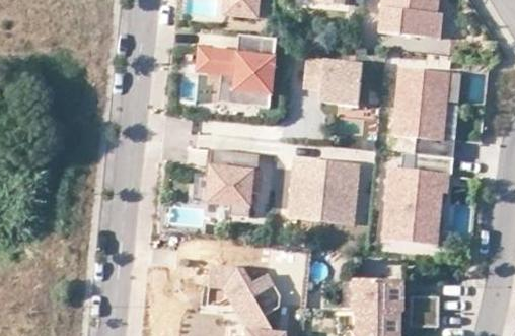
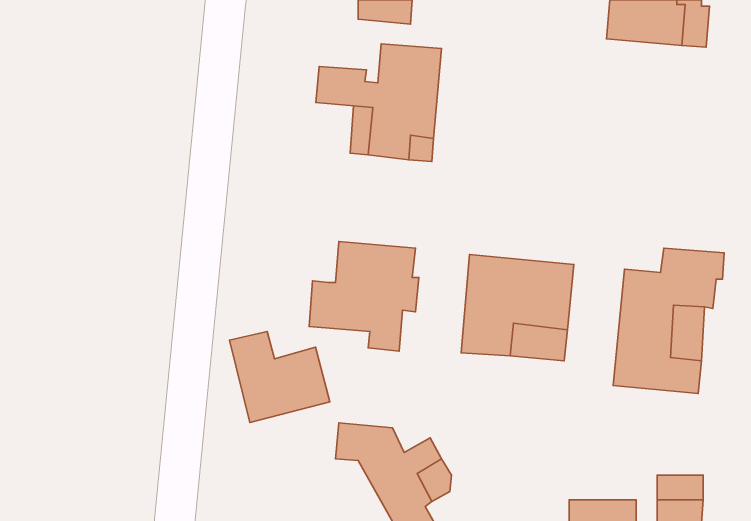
building: [304,59,363,116] -> none
building: [391,68,458,157] -> none
building: none -> [229,332,330,422]
building: [352,279,402,311] -> none

